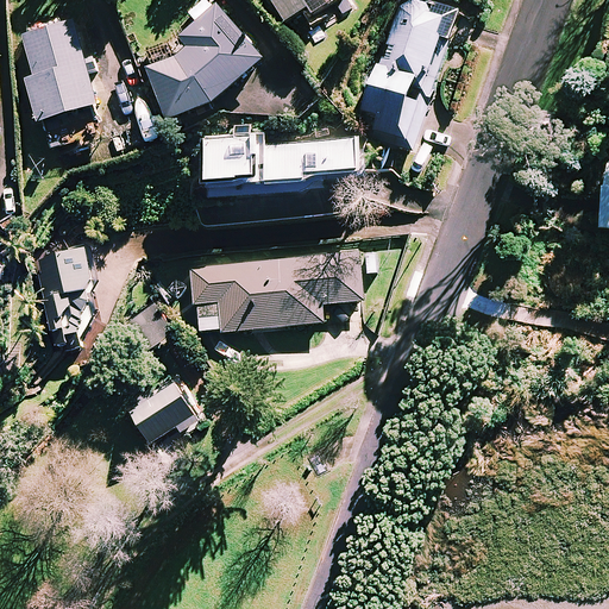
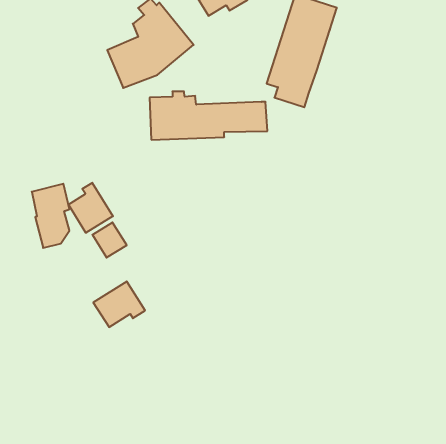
building: [20,21,96,120] -> none
building: none -> [69,183,113,233]
building: [190,249,363,329] -> none

